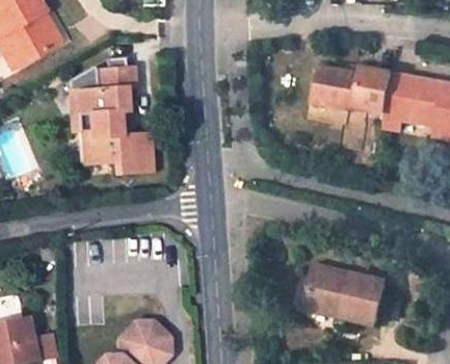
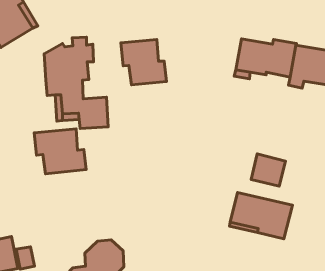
building: none -> [121,40,166,85]
building: none -> [34,129,86,174]
building: none -> [251,154,285,186]

